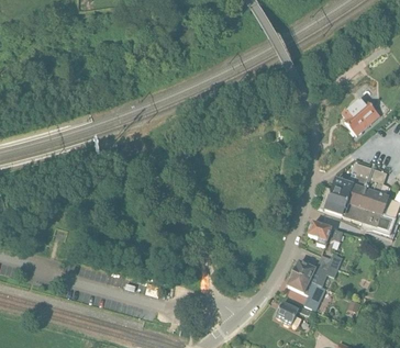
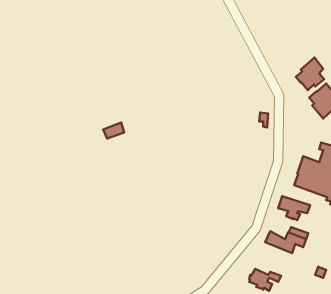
building: none -> [296,58,324,90]
building: [287,272,326,310] -> none

